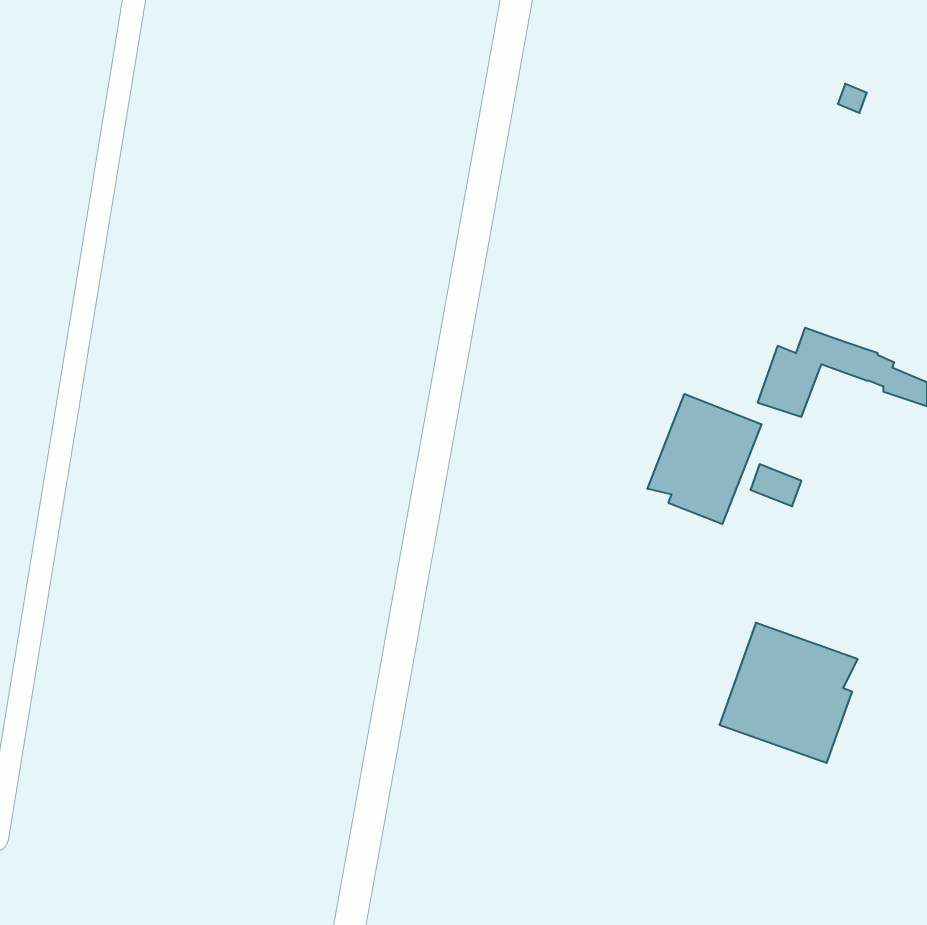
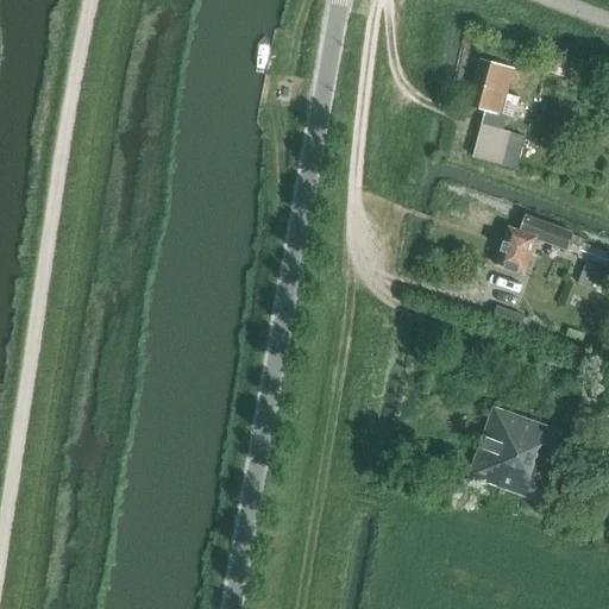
building: none -> [467,58,516,163]
building: [647,394,761,524] -> none

